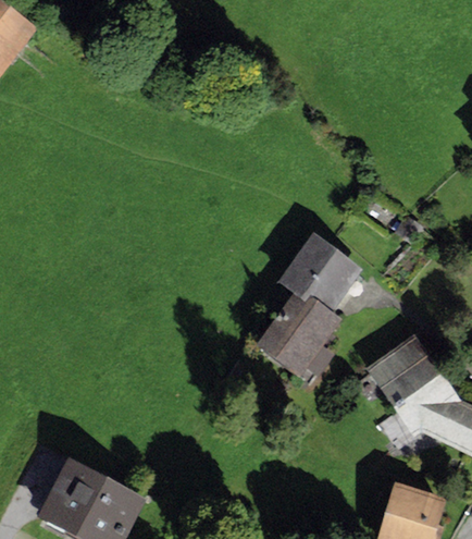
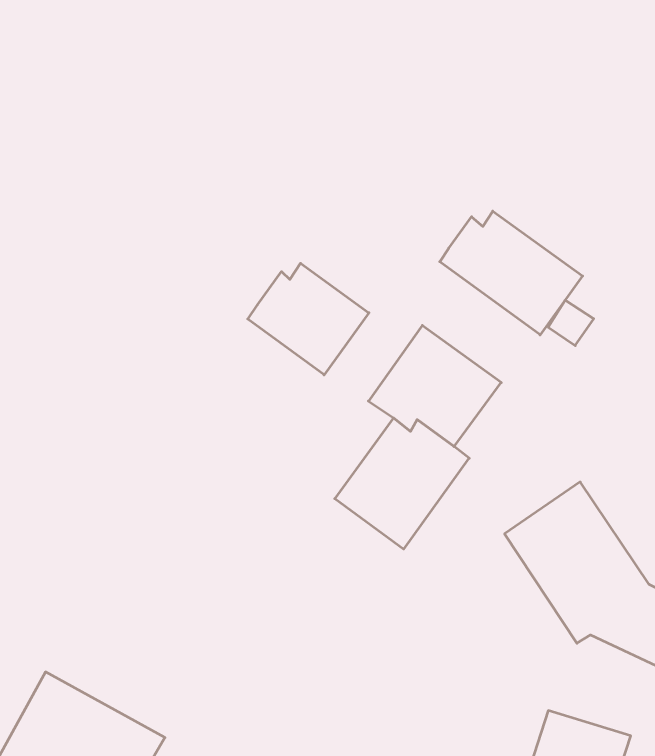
building: none -> [440,211,583,335]
building: none -> [248,263,369,375]

